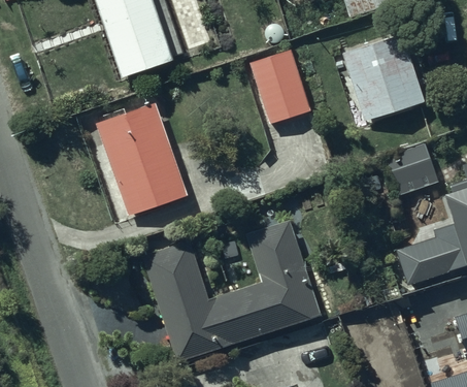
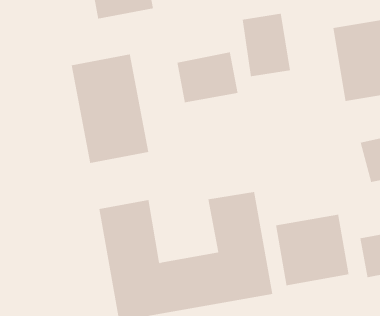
building: none -> [177,51,238,103]
building: none -> [276,214,349,286]

